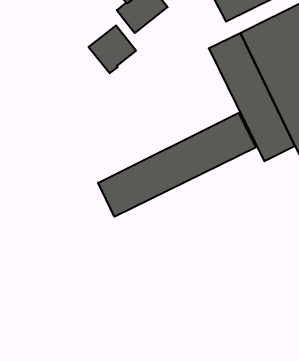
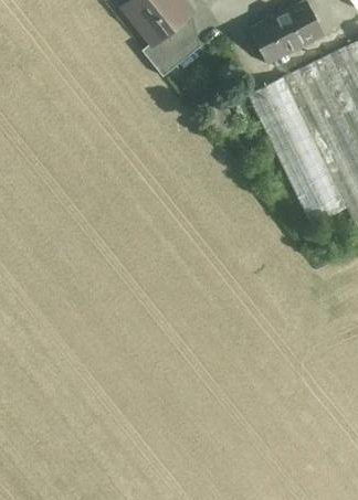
building: [89,25,136,73] -> none
building: [98,113,256,217] -> none

